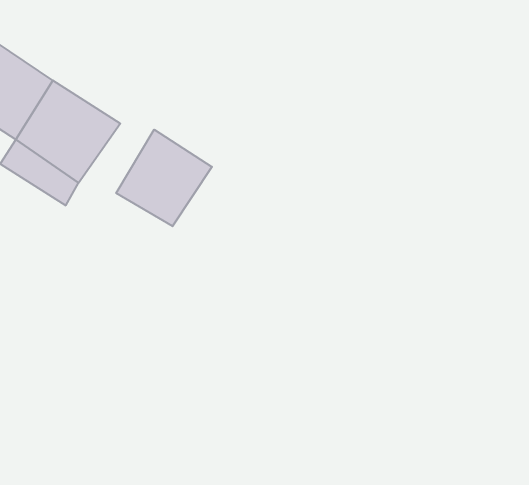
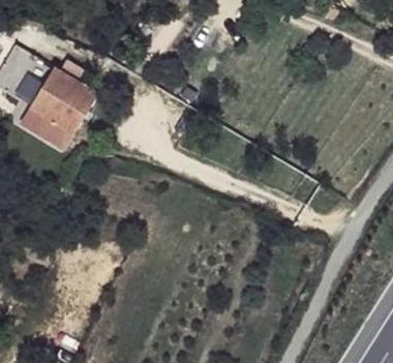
building: [116,130,212,226] -> none

